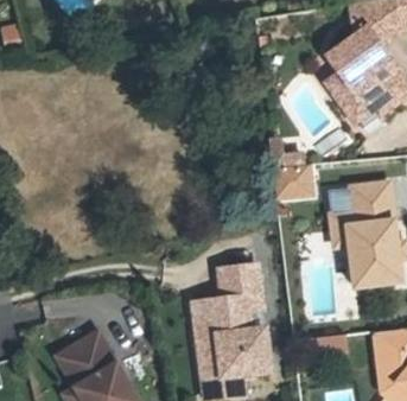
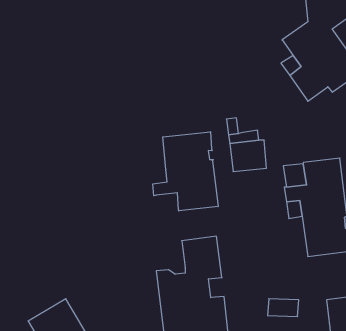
building: none -> [153,132,218,211]

